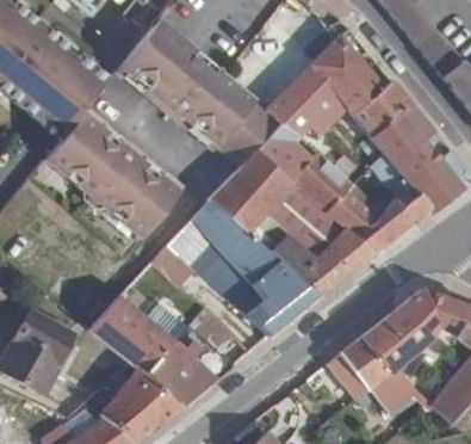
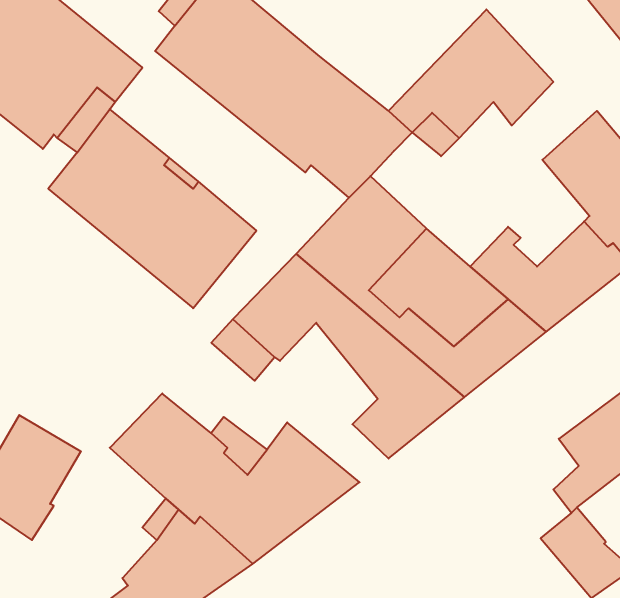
building: [353,81,409,140] -> none
building: [260,134,351,210] -> none
building: [200,247,265,314] -> none
building: [330,323,397,399] -> none

